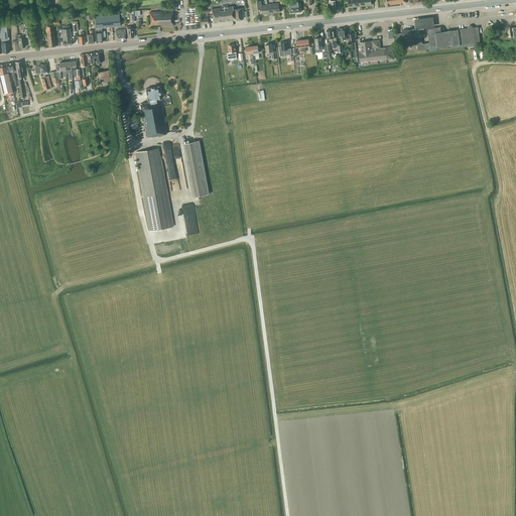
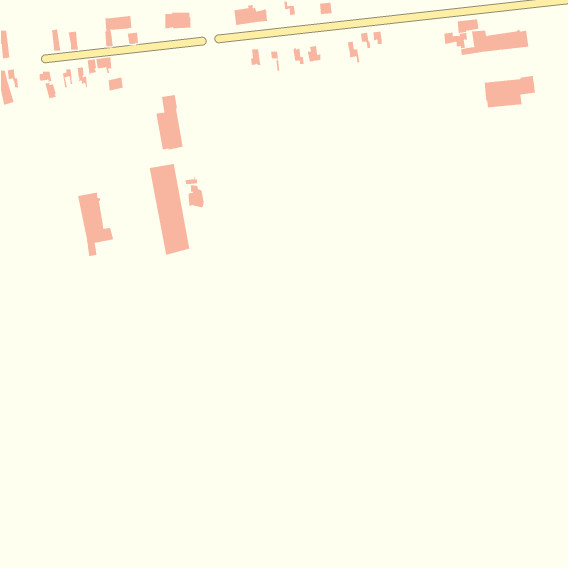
building: [359,40,394,61] -> none
building: none -> [484,75,535,108]
building: [183,140,209,197] -> none
building: none -> [77,192,114,257]

